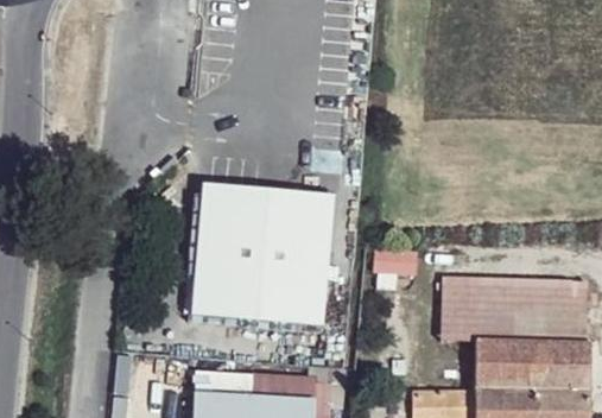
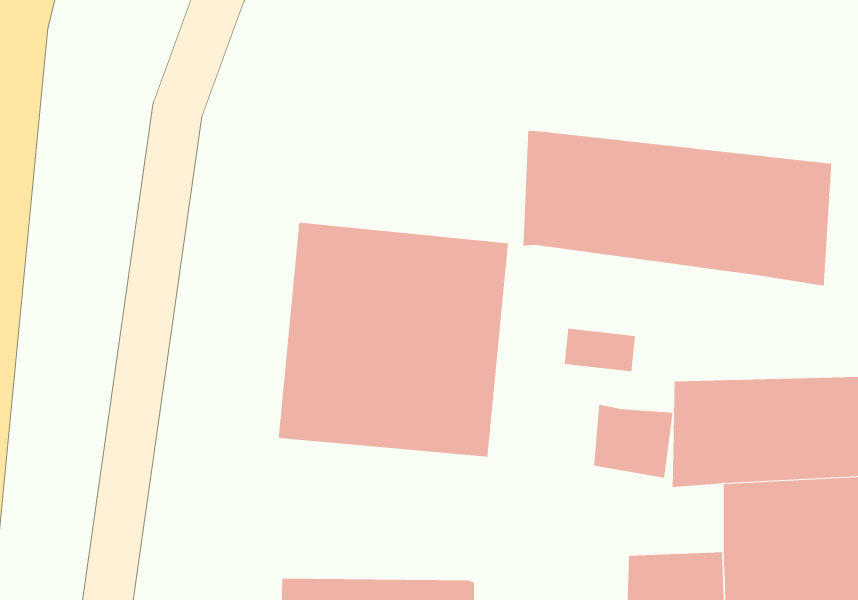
building: none -> [523,130,832,286]
building: none -> [593,404,673,478]
building: [195,373,312,405] -> none

